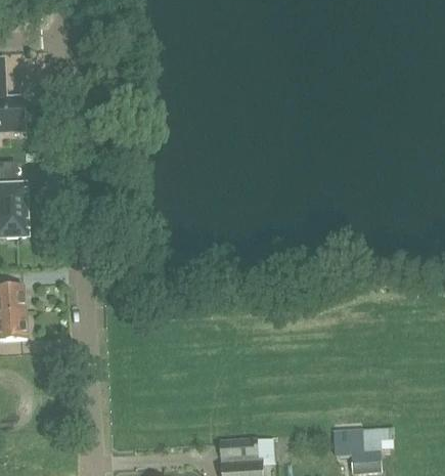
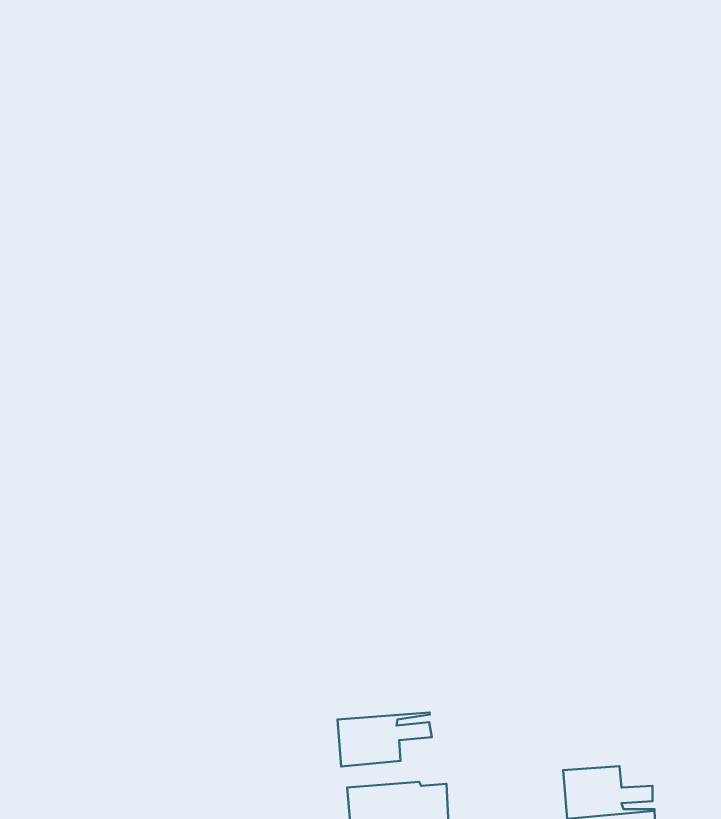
building: none -> [337,713,432,766]

